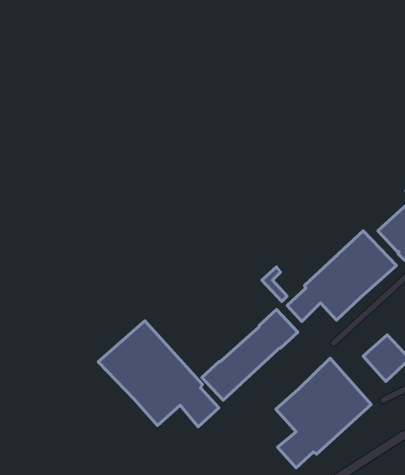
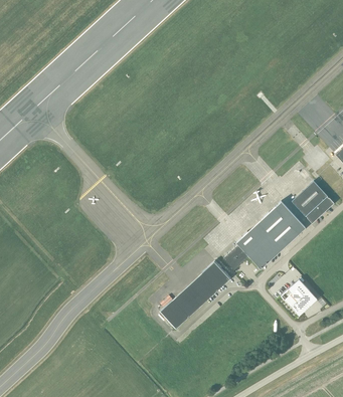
building: [98,321,219,427] -> none
building: [276,358,371,468] -> none

